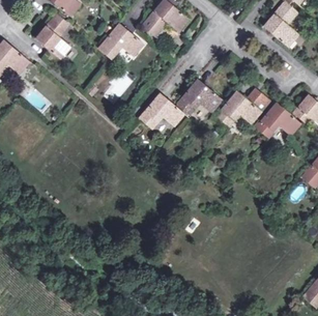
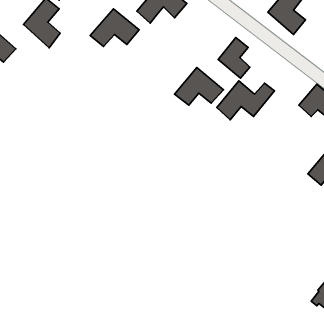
building: none -> [218,38,250,78]
building: [138,93,183,130] -> none
building: [254,103,299,139] -> none

